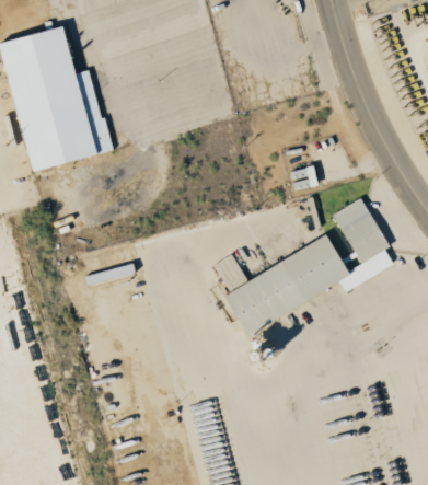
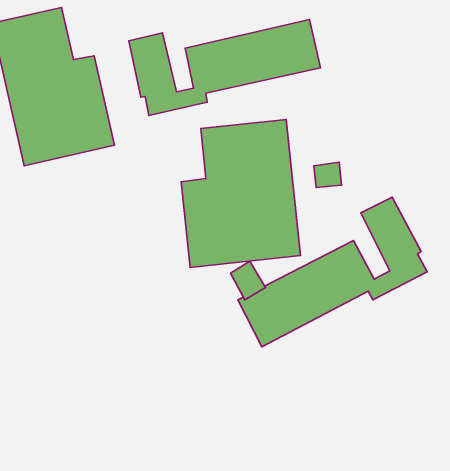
building: none -> [129,20,320,115]
building: none -> [181,119,300,267]

